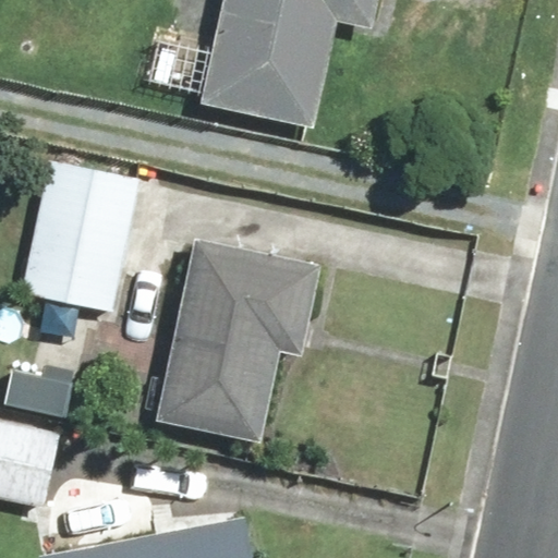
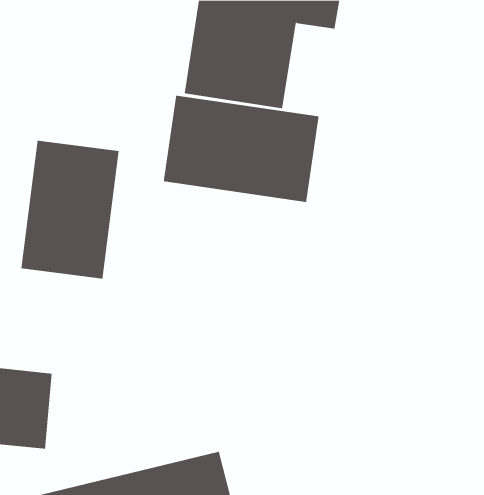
building: none -> [163,95,319,203]
building: [158,240,320,441] -> none

